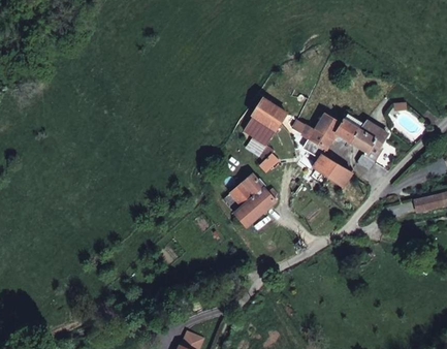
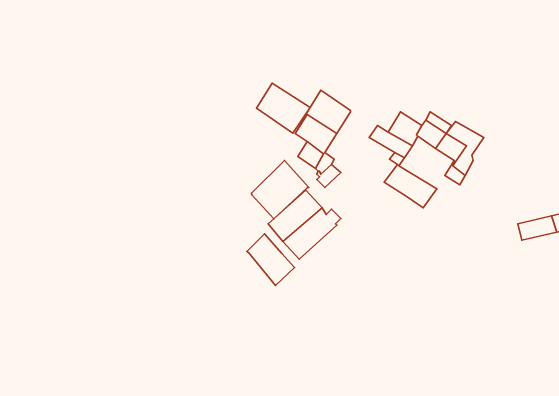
building: none -> [256,83,310,133]
building: none -> [252,160,309,219]
building: none -> [247,234,295,286]

